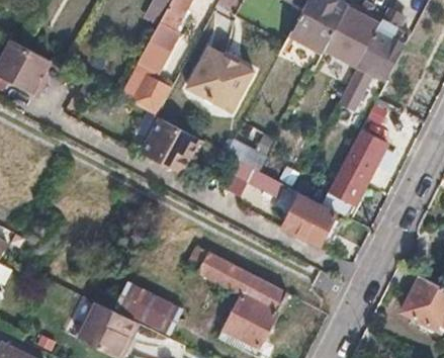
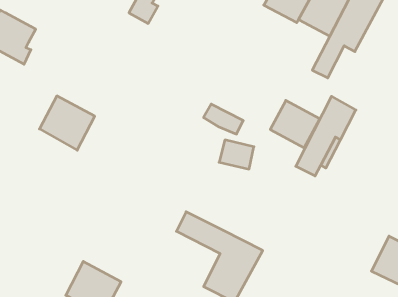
building: [189,44,254,108] -> none
building: [130,75,170,114] -> none
building: [144,118,201,175] -> [39,96,95,150]
building: [283,195,335,245] -> [270,100,320,148]
building: [115,279,182,334] -> none

